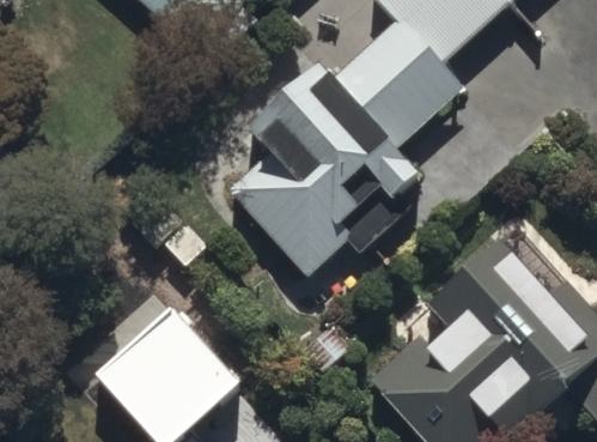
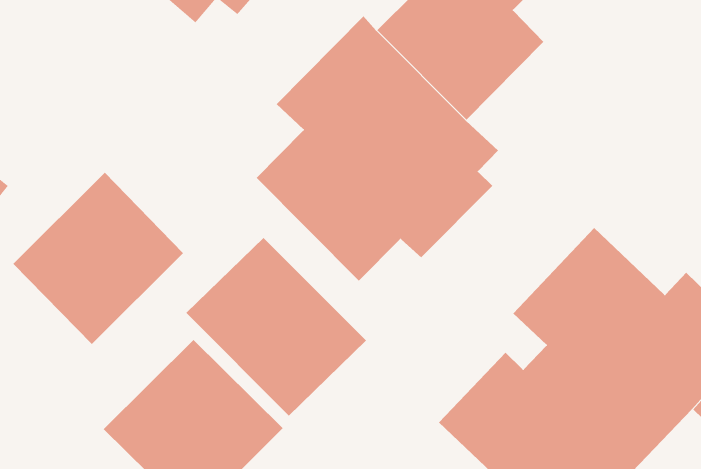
building: none -> [12,172,184,345]
building: none -> [186,237,367,416]

